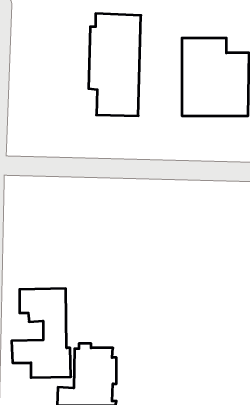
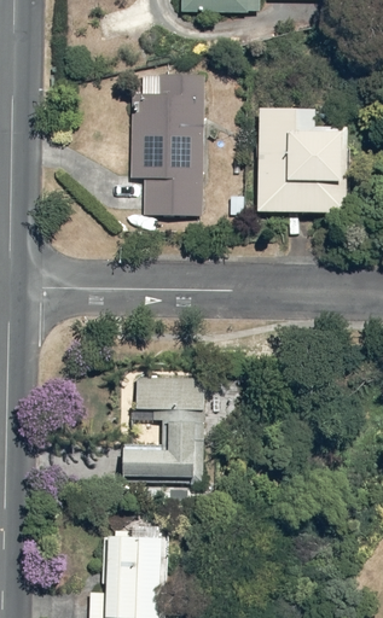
building: [12,289,71,378] -> [127,378,209,501]

